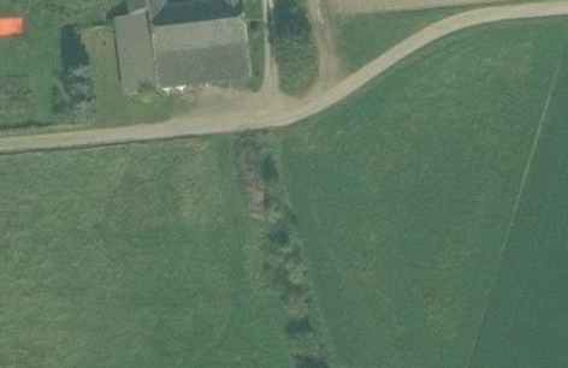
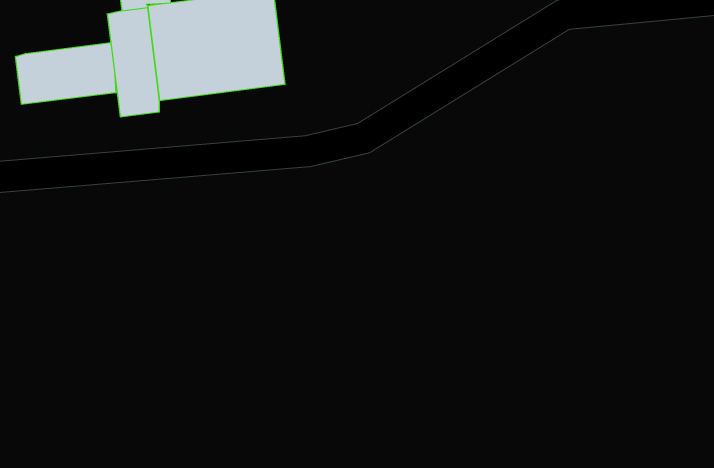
building: none -> [16,42,116,104]

